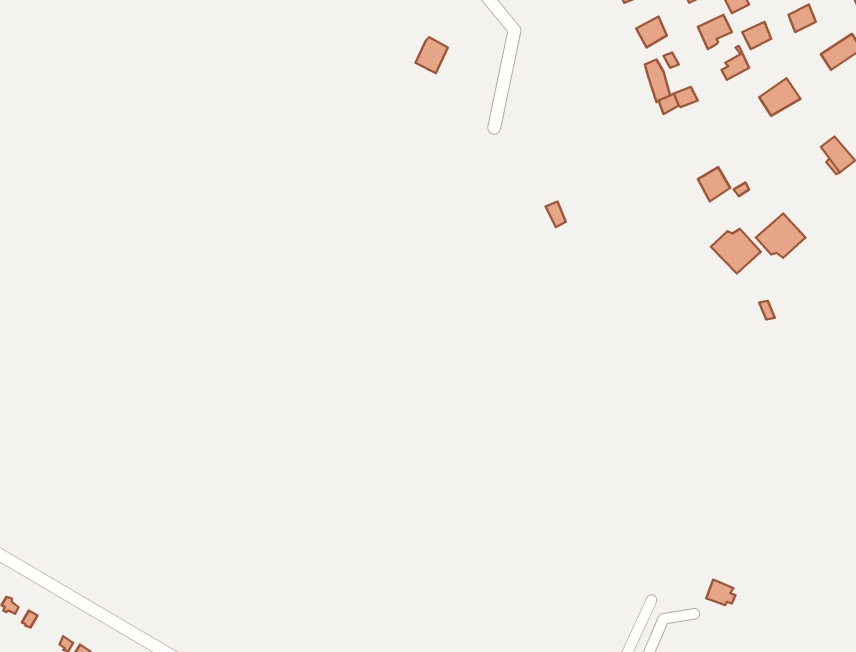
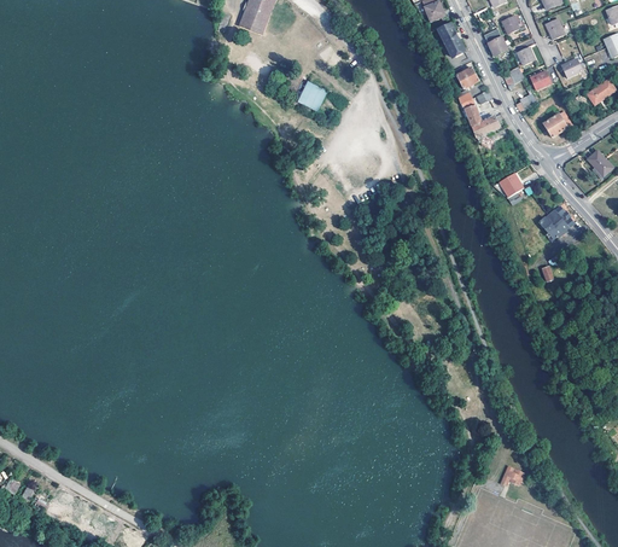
building: [711,229,761,274] -> none

